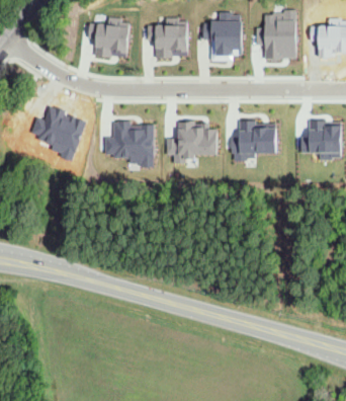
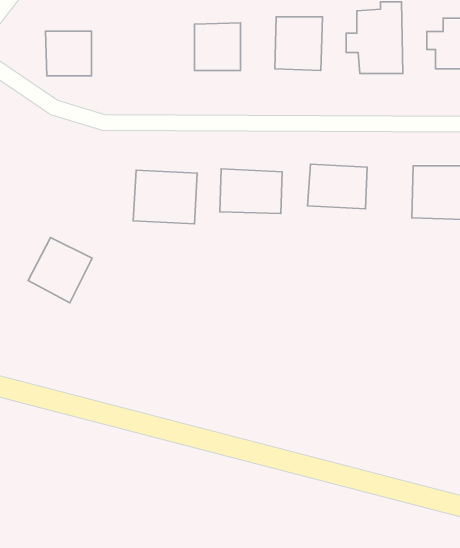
building: [95,24,126,55] -> [45,31,92,76]
building: [41,106,85,151] -> [28,237,92,303]

